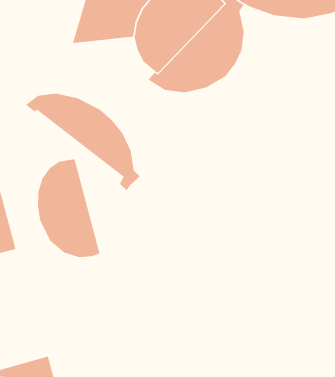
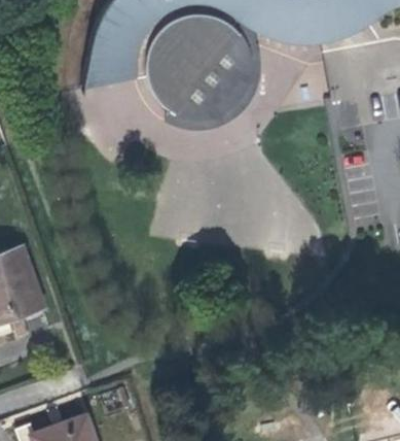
building: [25,93,141,191] -> none
building: [37,158,100,258] -> none

